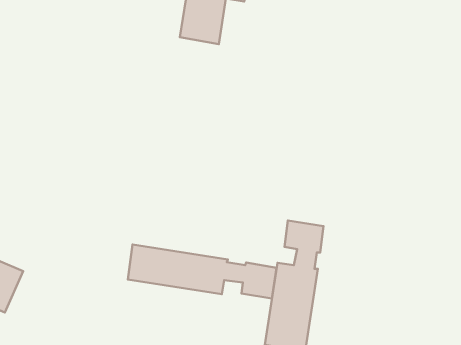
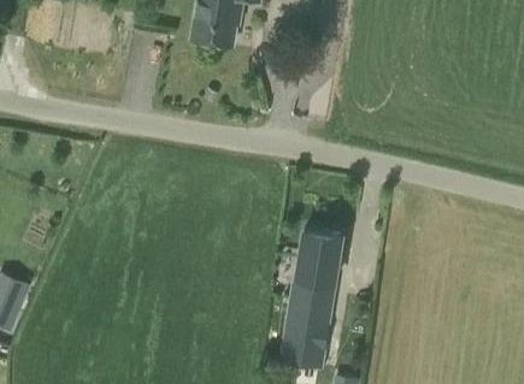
building: [128,245,276,299] -> none

